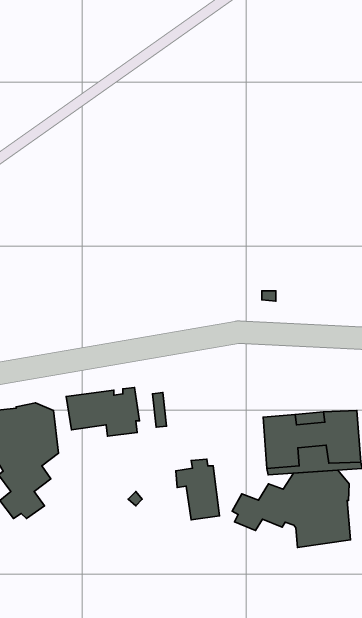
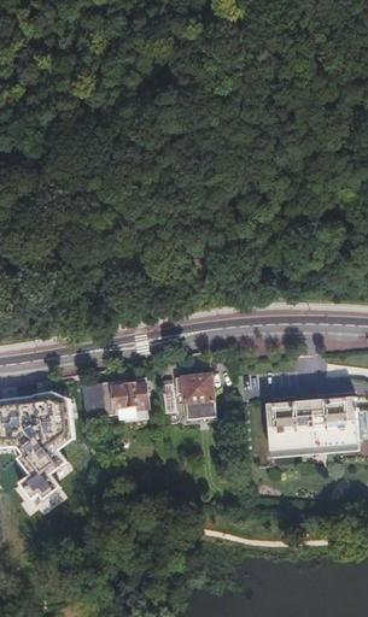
building: [176,459,220,520] -> [176,366,217,423]
building: [232,470,350,548] -> none

